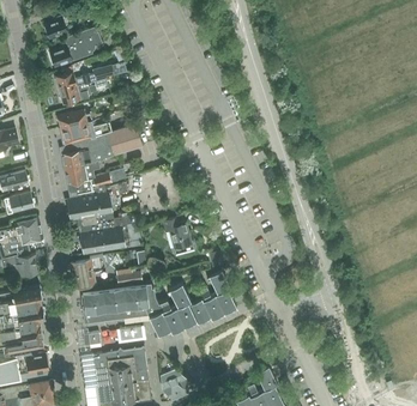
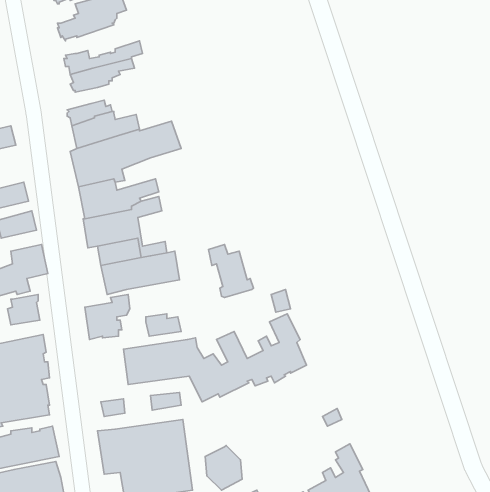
building: [81,296,103,326] -> none

